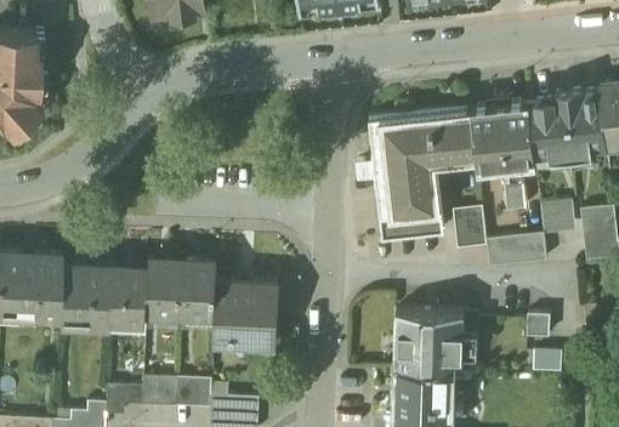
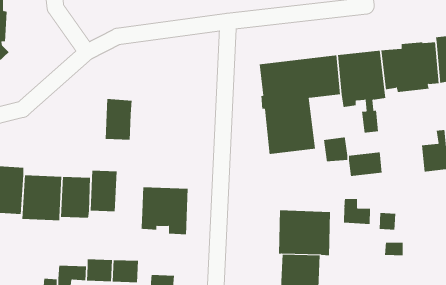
building: [540,199,575,232] -> none
building: [180,261,216,315] -> [105,98,132,140]
building: none -> [343,198,371,225]

